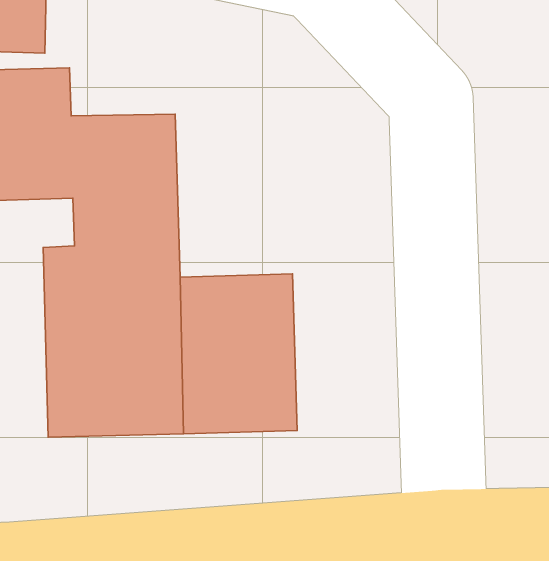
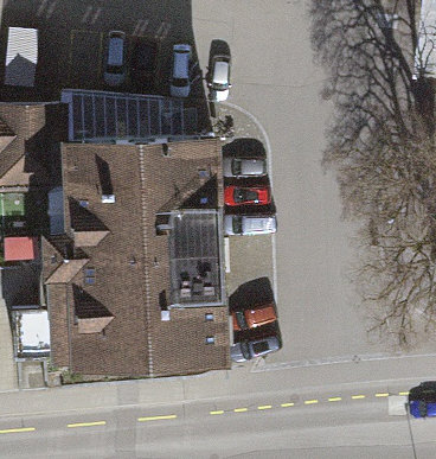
building: none -> [136,126,220,246]

